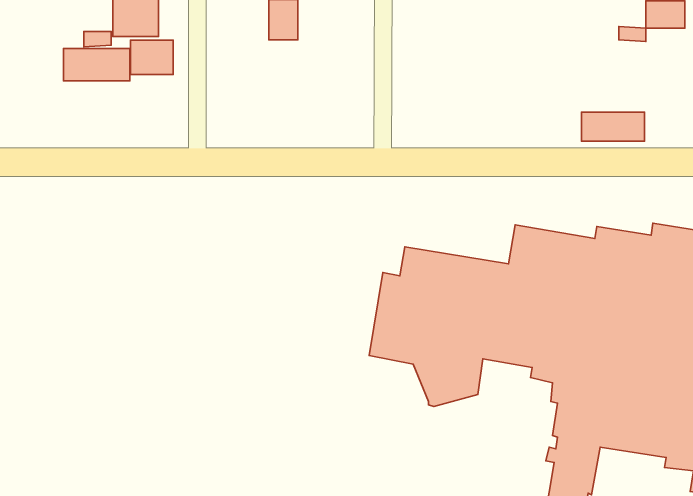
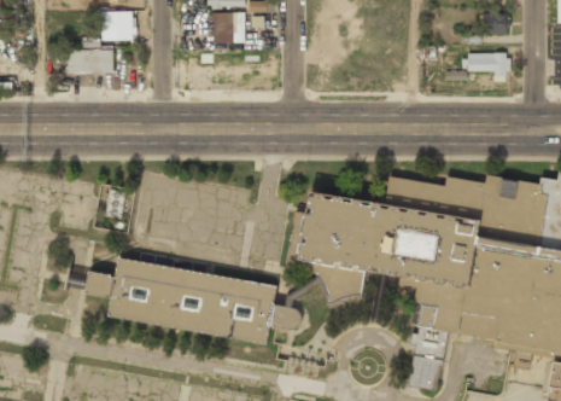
building: [130,40,173,74] -> none
building: [582,112,644,141] -> [464,54,509,75]
building: none -> [86,257,303,344]

